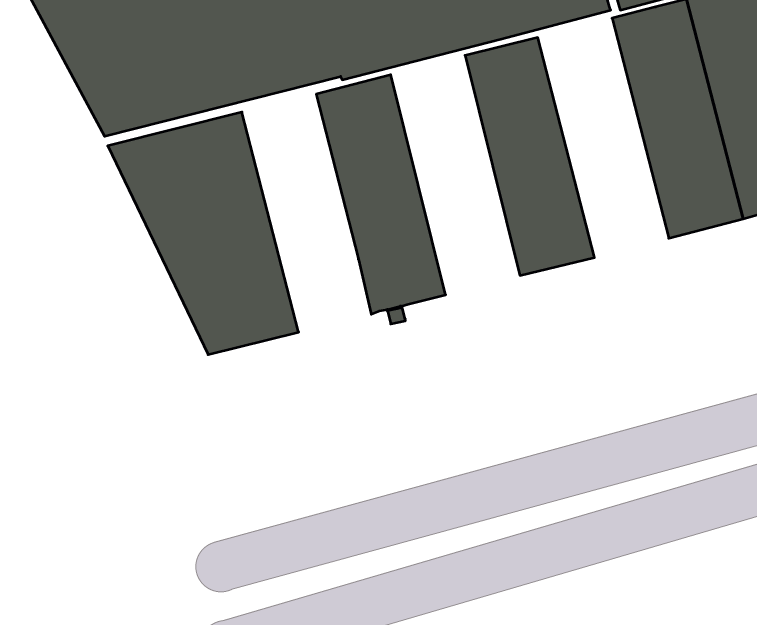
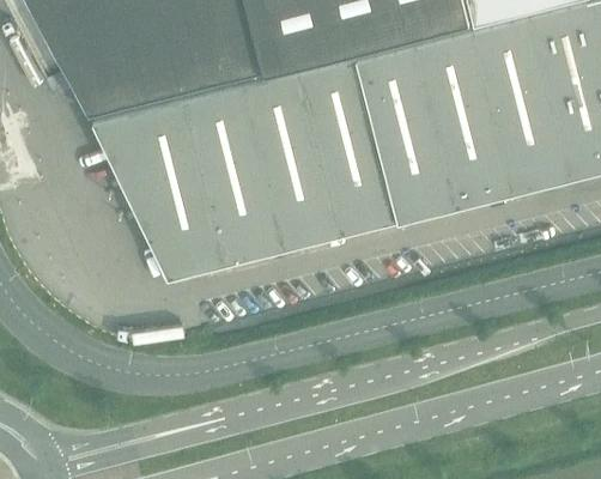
building: none -> [411,26,508,204]
building: none -> [302,54,397,231]
building: none -> [192,83,287,259]

